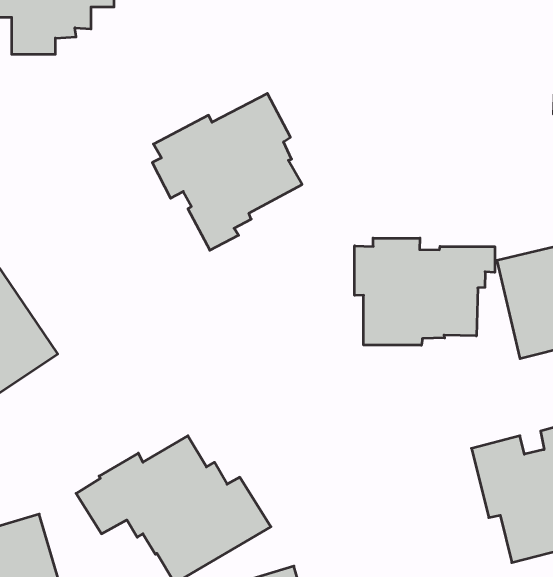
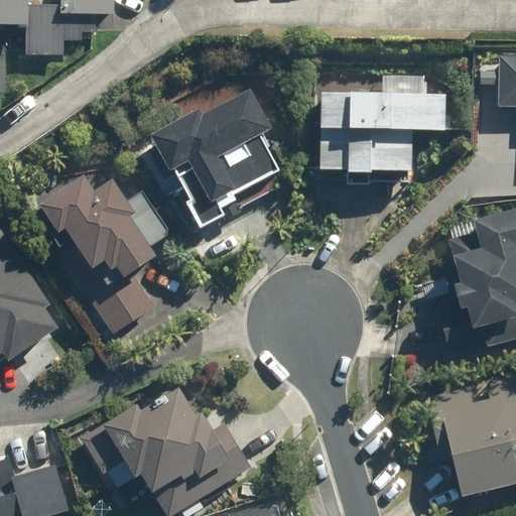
building: none -> [319,90,443,171]
building: none -> [31,174,167,334]
building: [355,238,495,345] -> none

